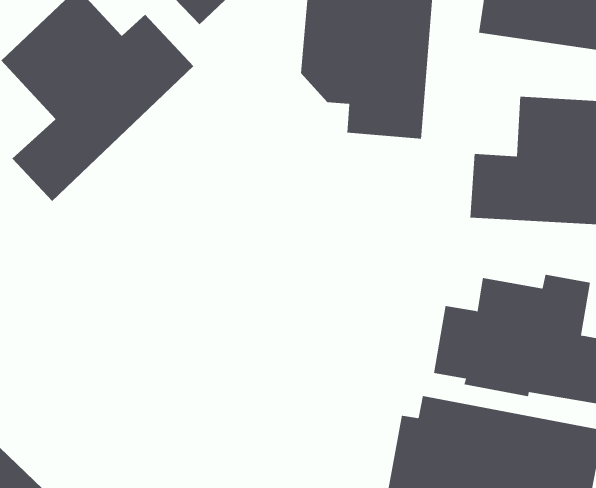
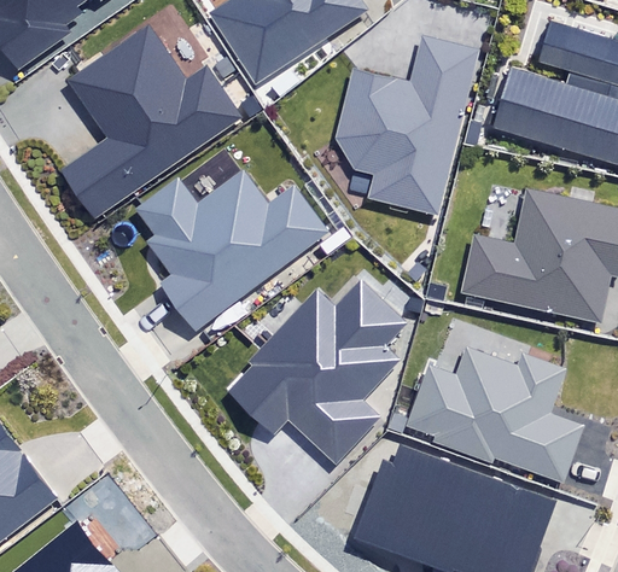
building: none -> [135,174,328,328]
building: none -> [225,280,406,463]

